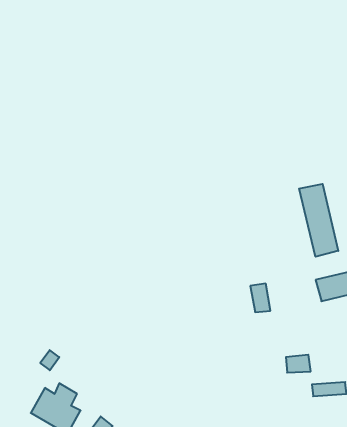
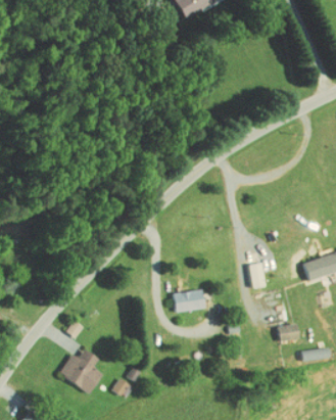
building: [299,184,338,257] -> none
building: none -> [173,290,204,313]

